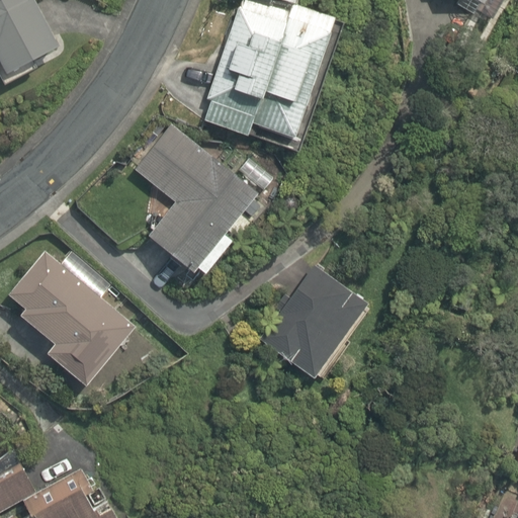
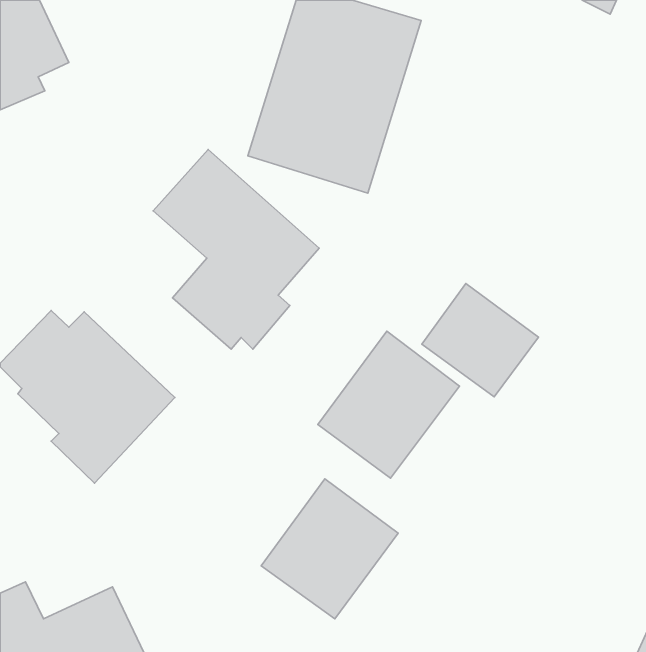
building: none -> [422,283,538,397]
building: none -> [261,479,398,619]

